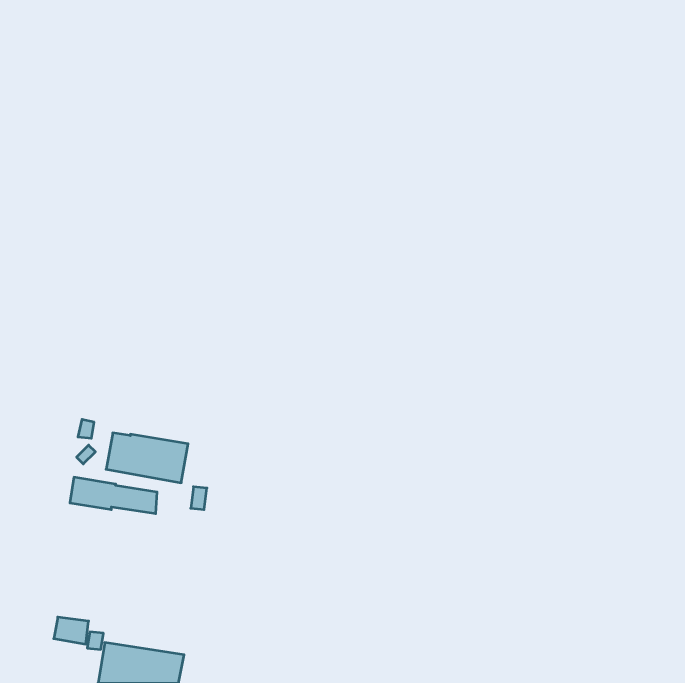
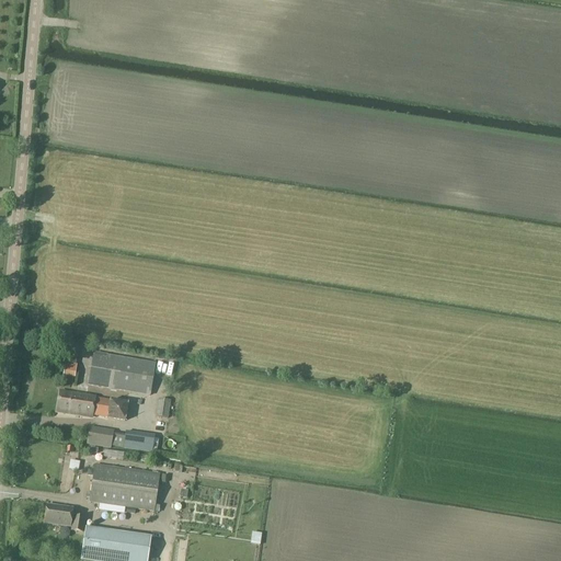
building: none -> [87,425,154,449]
building: none -> [90,462,159,508]

